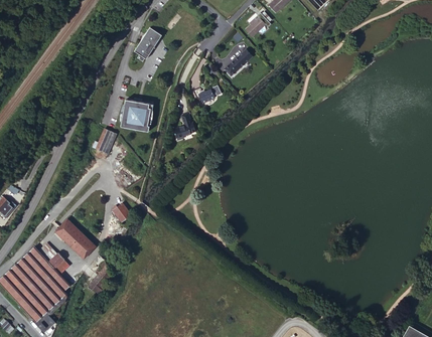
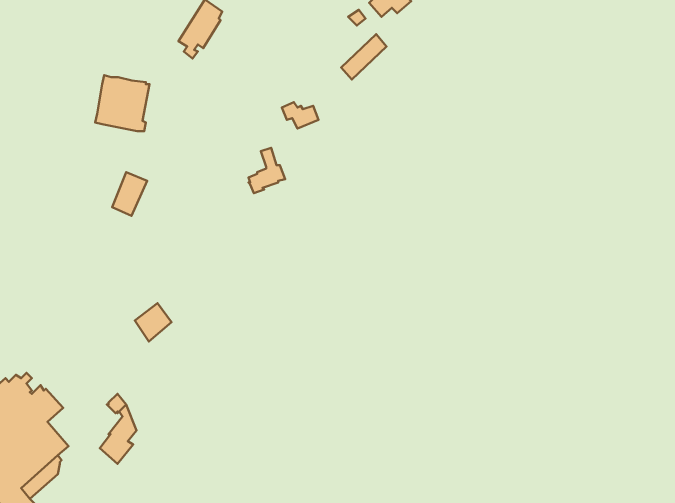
building: [120,99,151,131] -> [95,75,149,131]
building: [54,219,95,260] -> none

